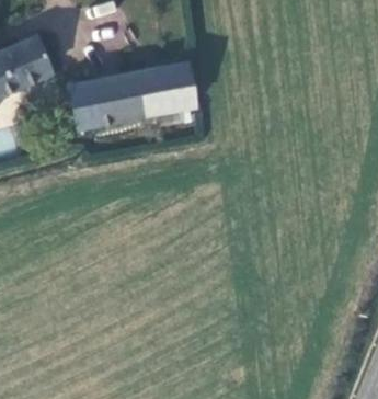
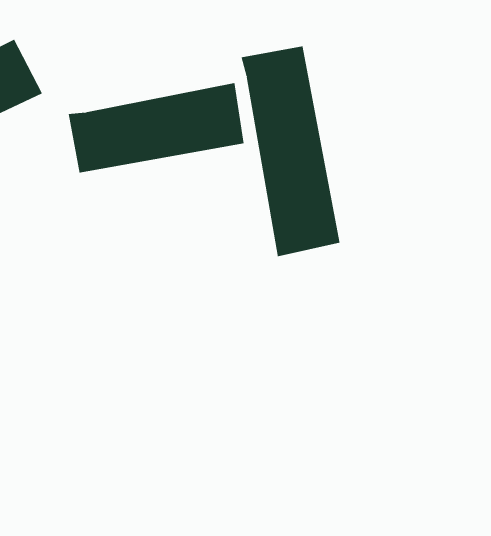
building: none -> [241,45,340,257]

